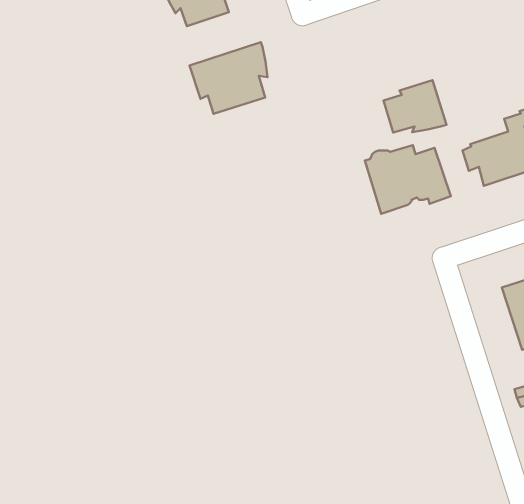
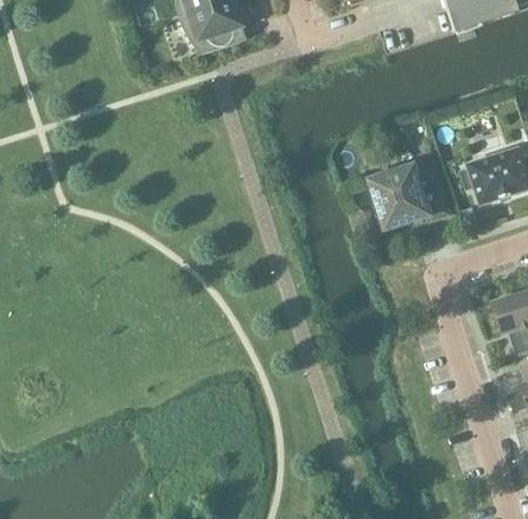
building: [189,42,267,114] -> none
building: [383,80,446,133] -> none

